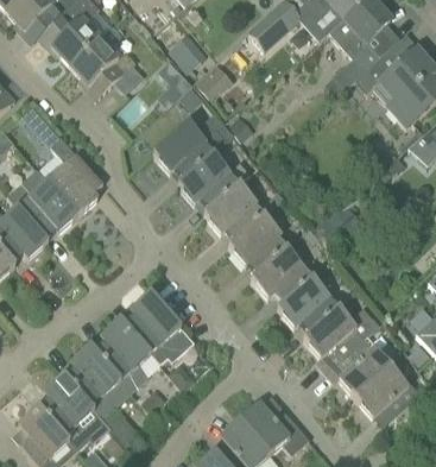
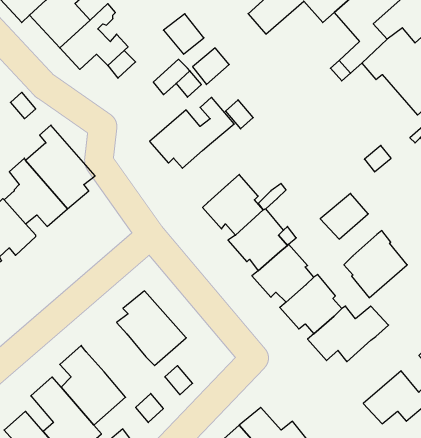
building: [178,153,249,209] -> none
building: [95,318,151,392] -> none
building: [331,335,391,398] -> [344,231,407,298]

